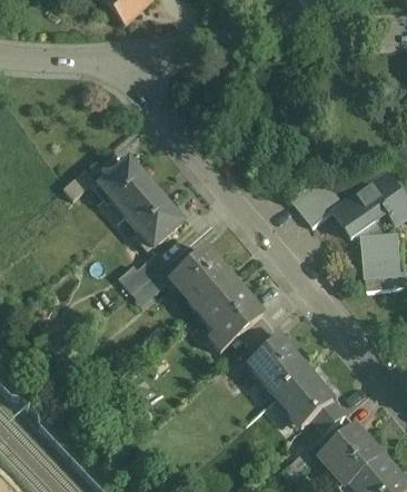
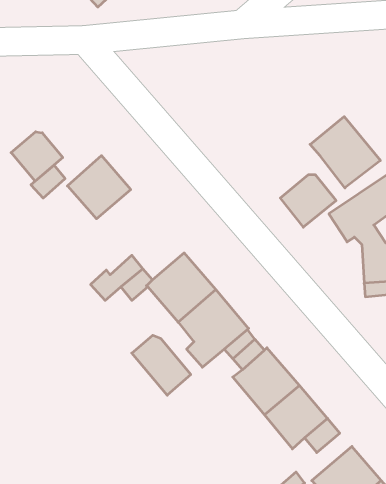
building: none -> [310,117,380,188]
building: none -> [11,132,63,181]
building: [123,190,182,248] -> none
building: none -> [132,335,191,395]

